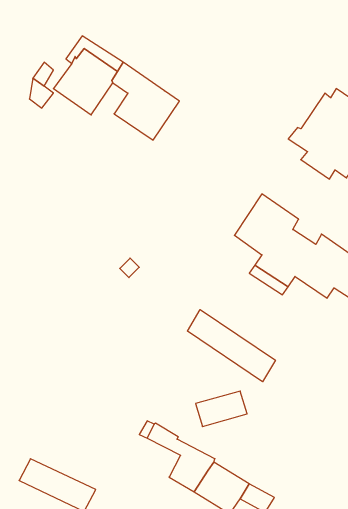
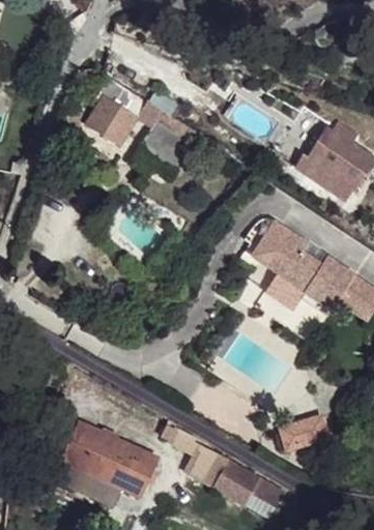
building: [187,310,275,382] -> none
building: [196,391,247,427] -> [281,414,327,446]
building: none -> [63,419,160,494]

